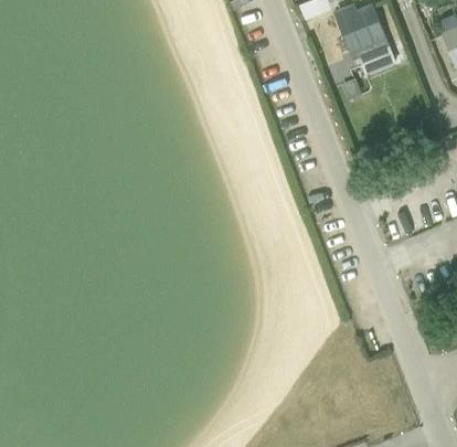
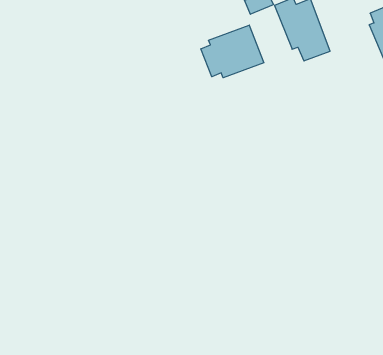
building: none -> [201,25,264,78]

